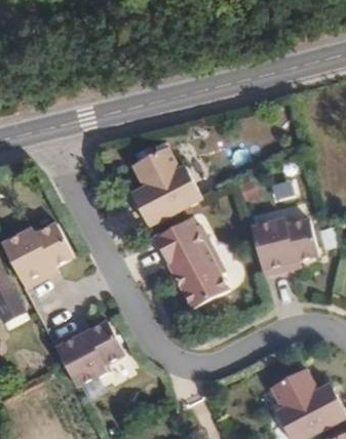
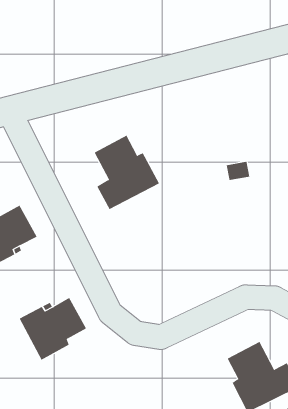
building: [251,217,319,275] -> none
building: [153,221,227,311] -> none

